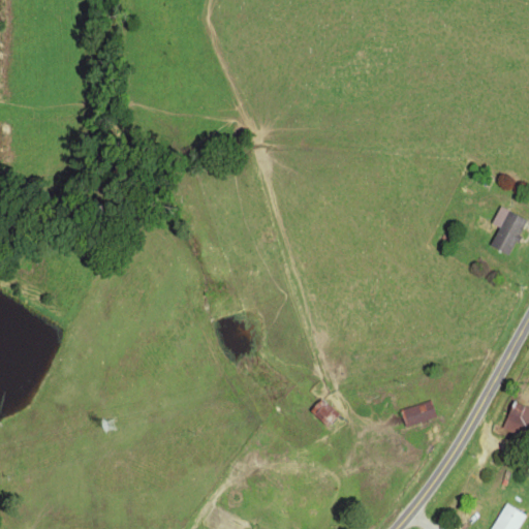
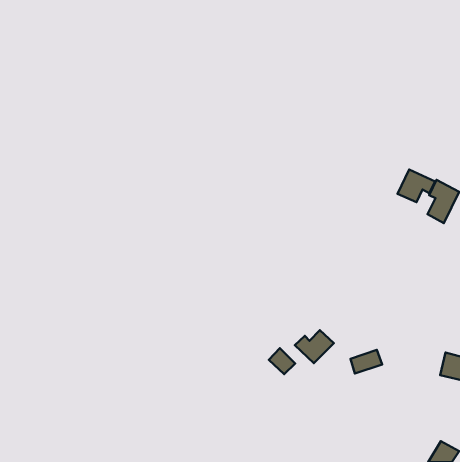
building: none -> [397,170,435,202]
building: none -> [295,330,334,363]

